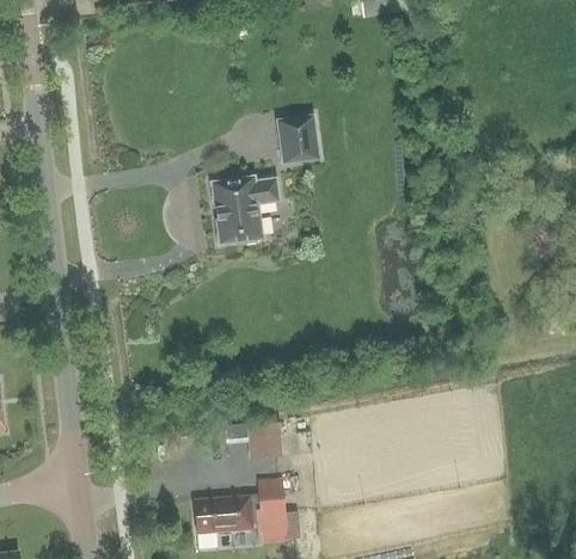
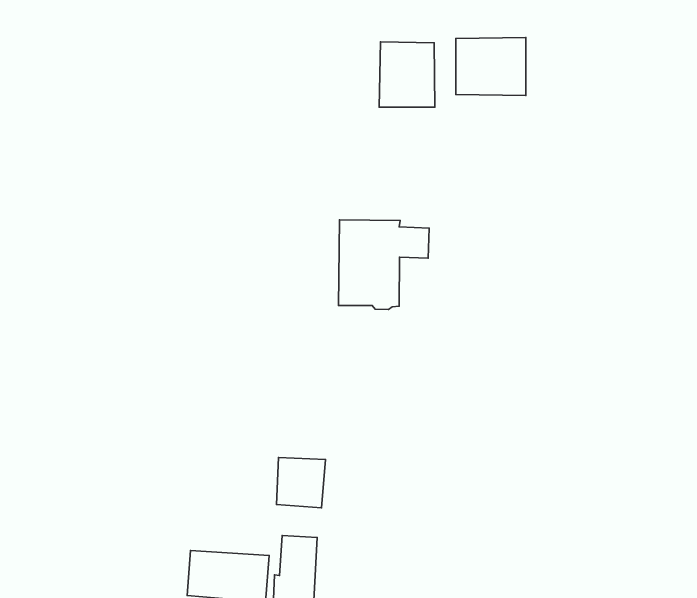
building: none -> [456,38,526,96]
building: [210,176,277,242] -> [339,220,429,310]

